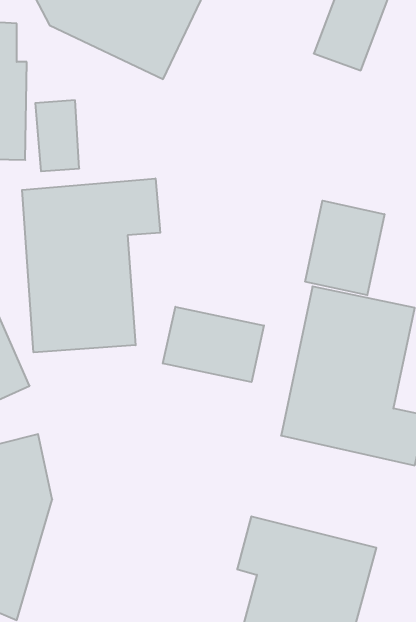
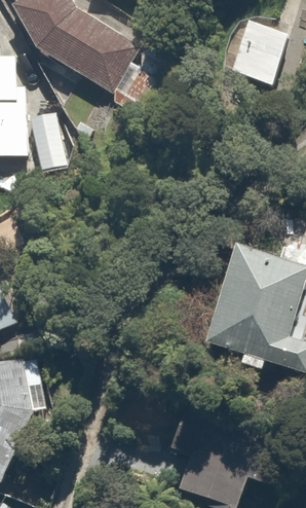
building: [22,178,160,352] -> none
building: [305,201,384,295] -> none
building: [163,307,264,382] -> none

